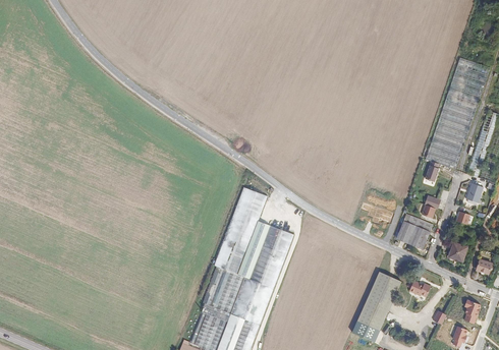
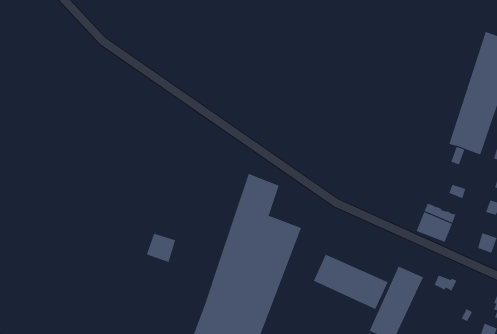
building: none -> [146,233,176,263]
building: none -> [313,254,389,310]

